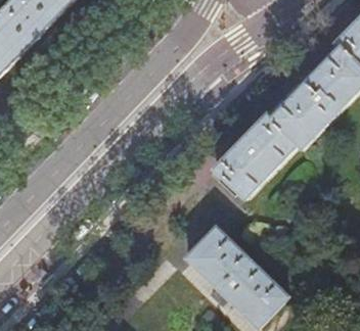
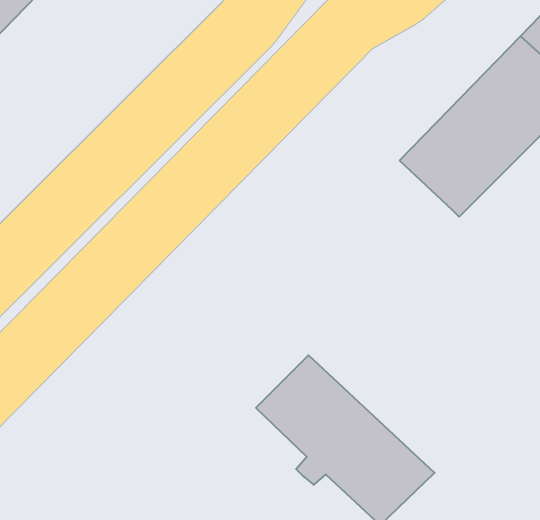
building: [214,114,298,199] -> none

